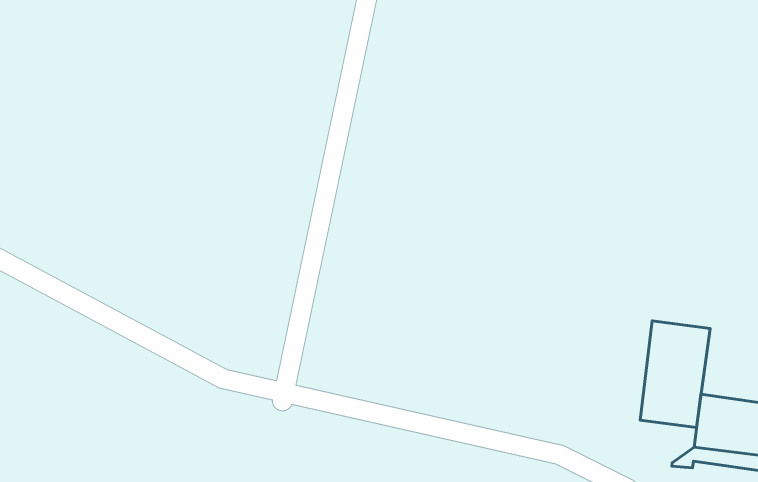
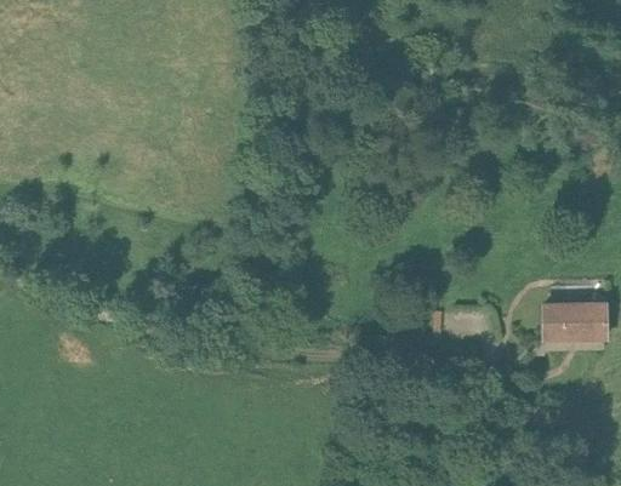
building: [640,321,710,428] -> none

